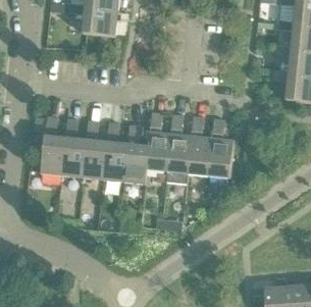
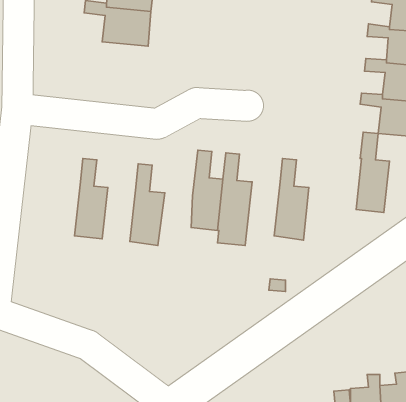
building: [41,116,65,175] -> none
building: [188,116,212,175] -> [356,132,389,212]
building: [82,120,106,180] -> none
building: [122,124,148,185] -> none

